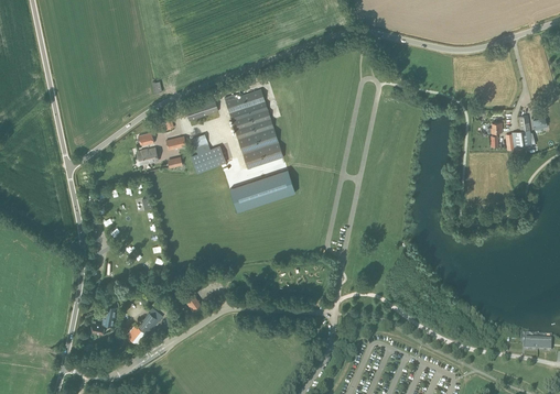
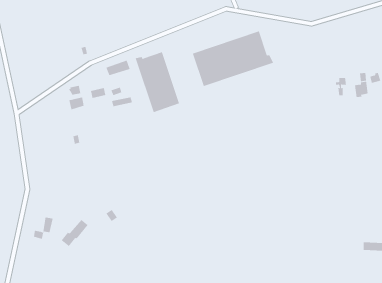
building: none -> [192,31,274,87]
building: [230,169,295,211] -> none

